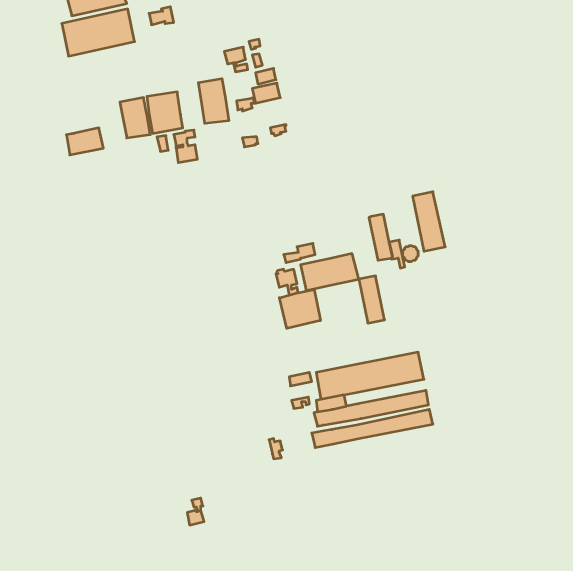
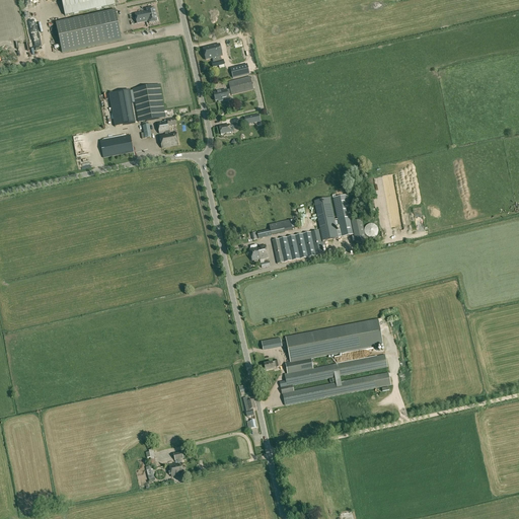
building: [198,79,229,123] -> none
building: [66,128,103,155] -> [100,133,134,157]
building: [359,276,385,323] -> [314,197,338,239]
building: [279,290,320,328] -> none

